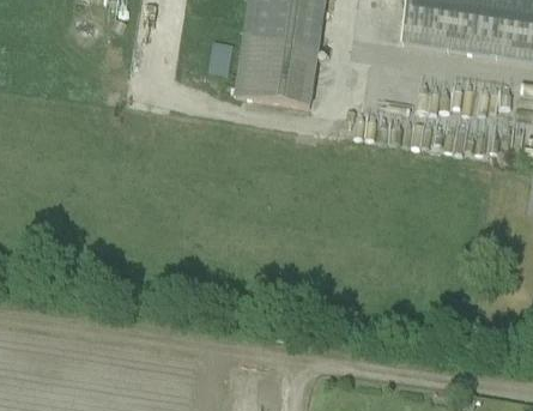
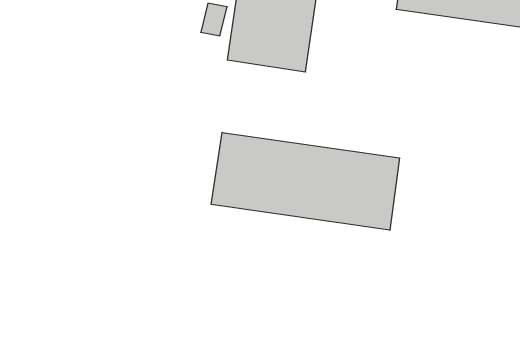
building: none -> [211,132,400,230]

